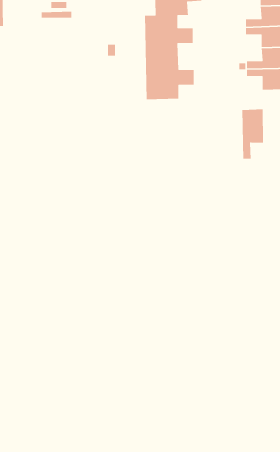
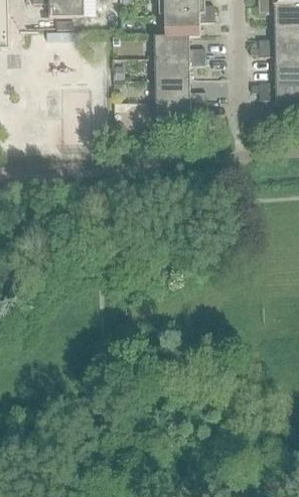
building: [241,109,264,159] -> none

